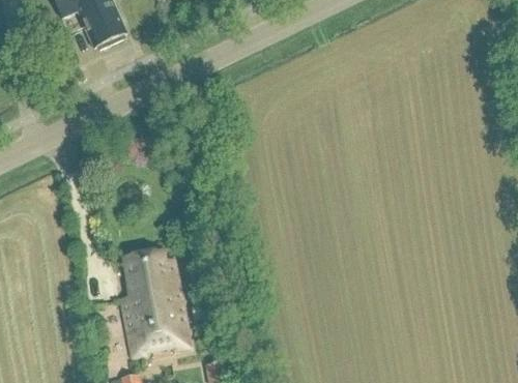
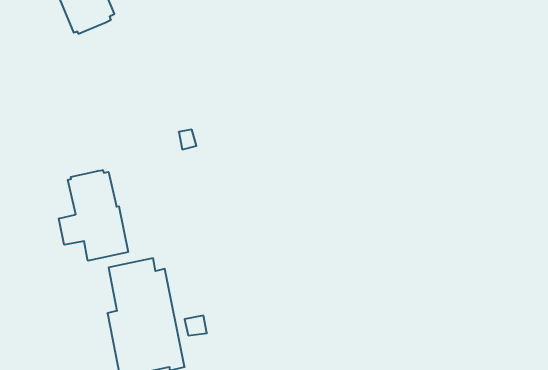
building: none -> [59,170,128,261]

